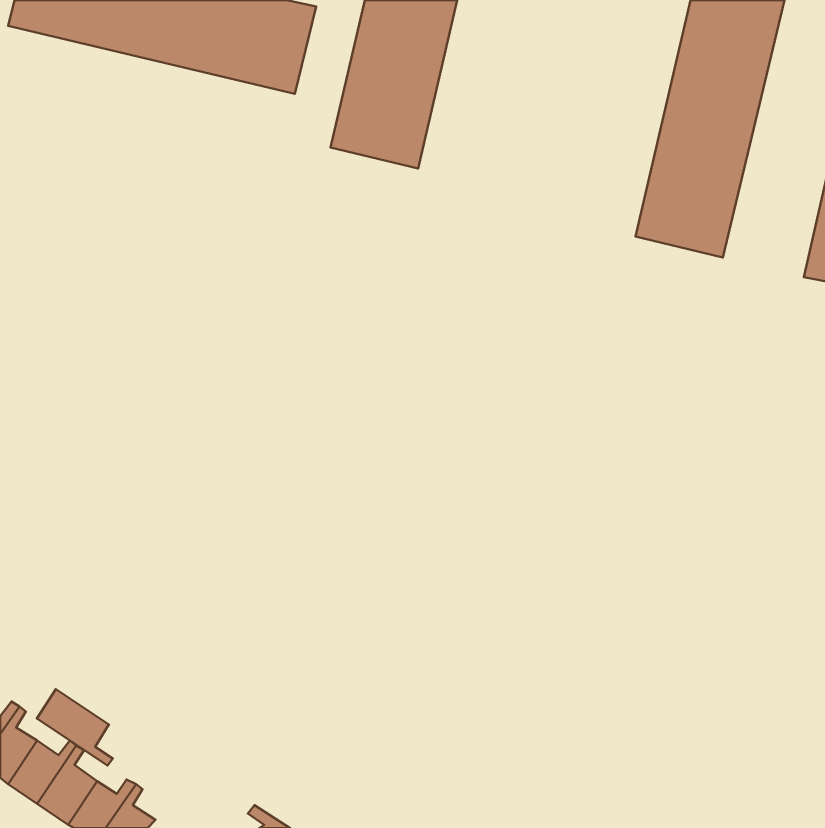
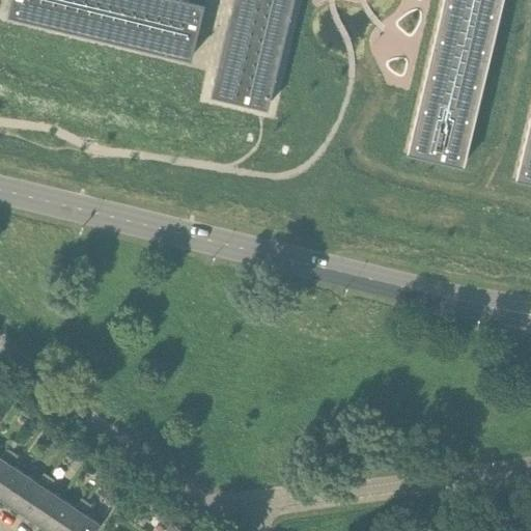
building: [37,689,113,766] -> none

